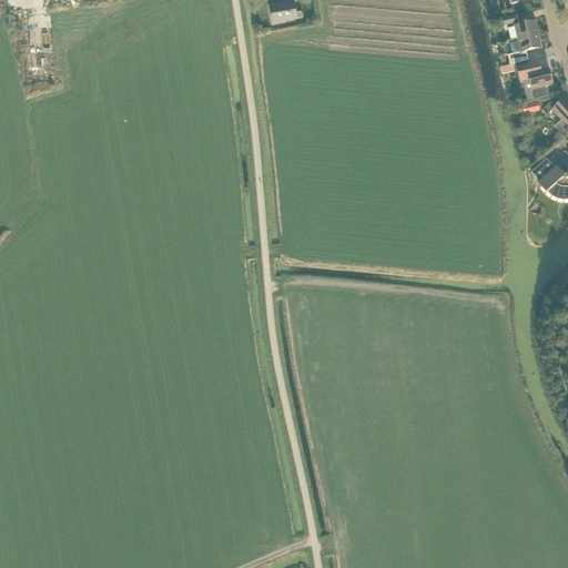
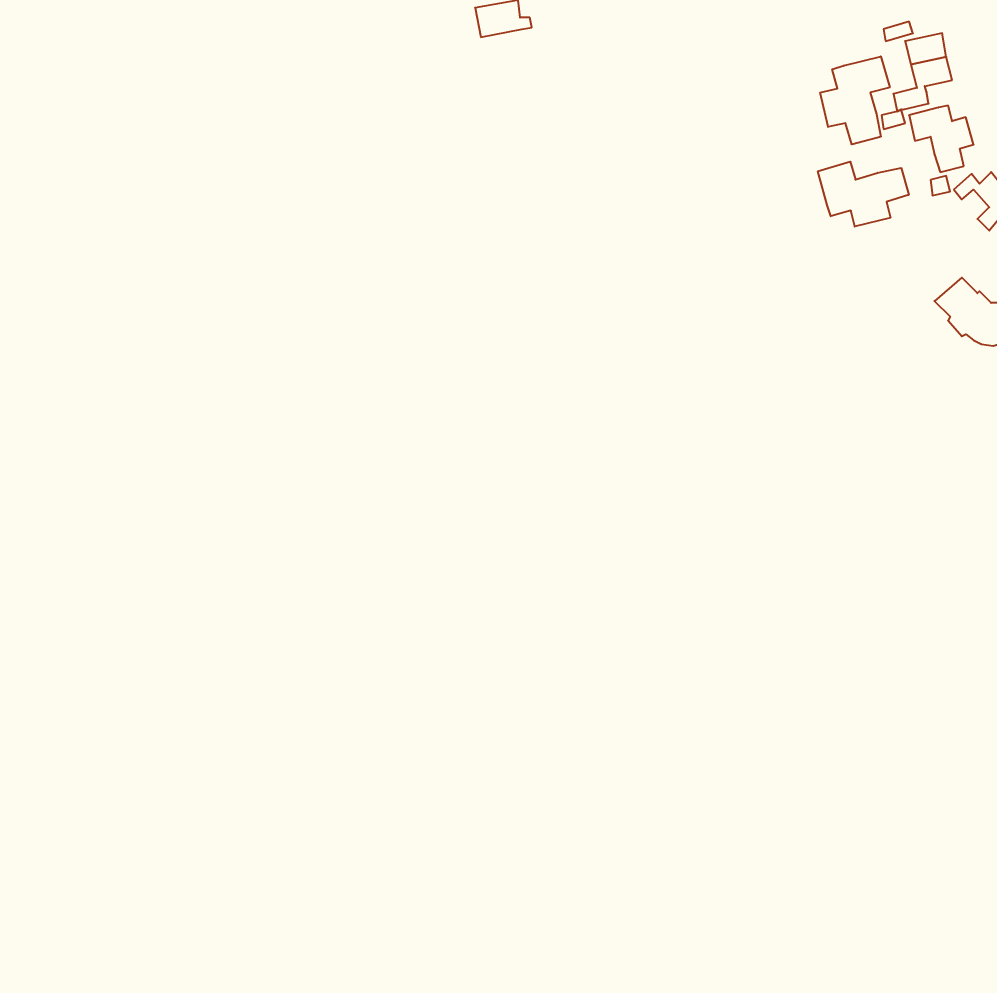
building: none -> [820,56,890,144]
building: none -> [818,162,909,227]

